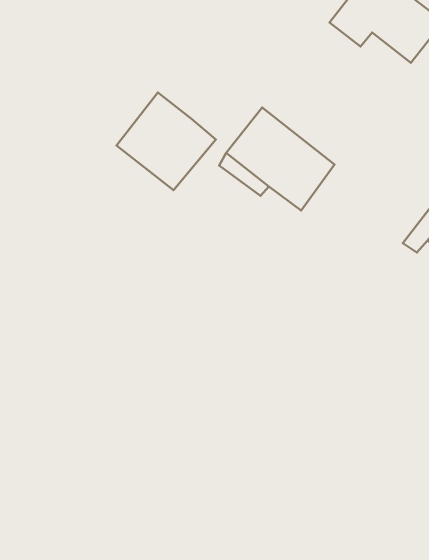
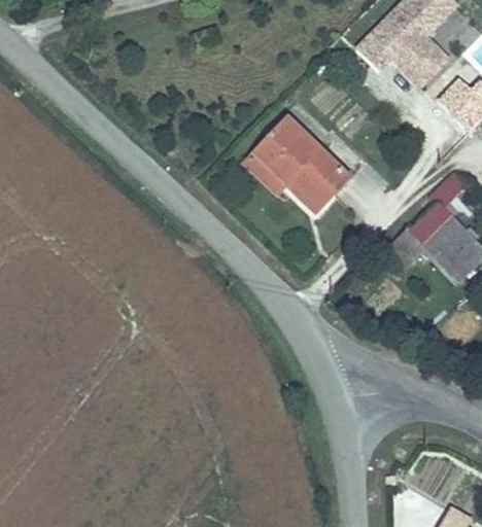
building: [116,92,216,190] -> none

